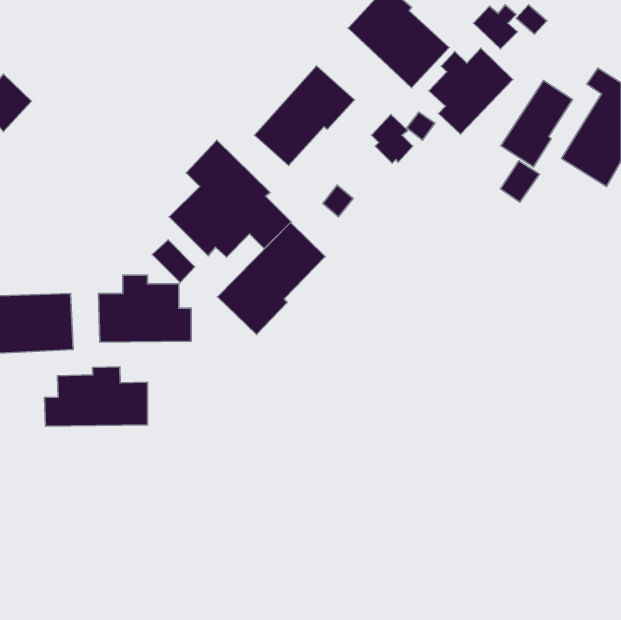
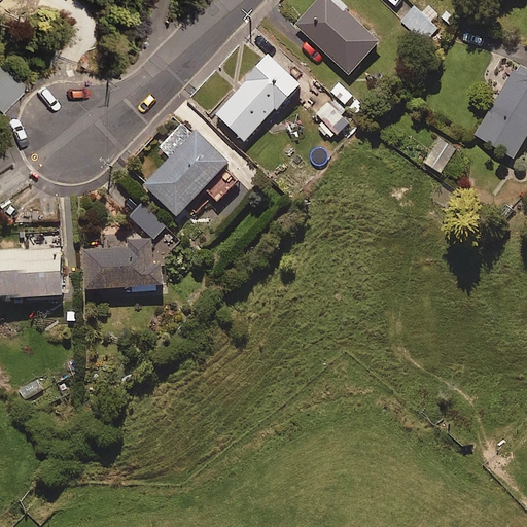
building: [429,48,513,134] -> none
building: [501,80,573,167] -> none
building: [217,222,325,335] -> none
building: [45,367,148,426] -> none

